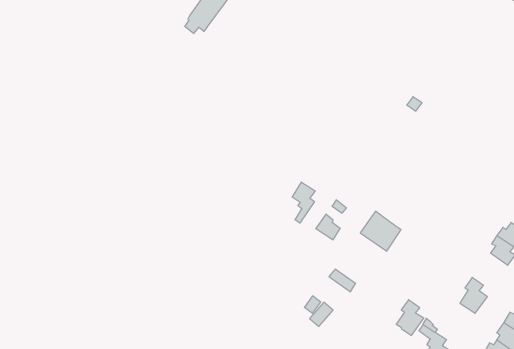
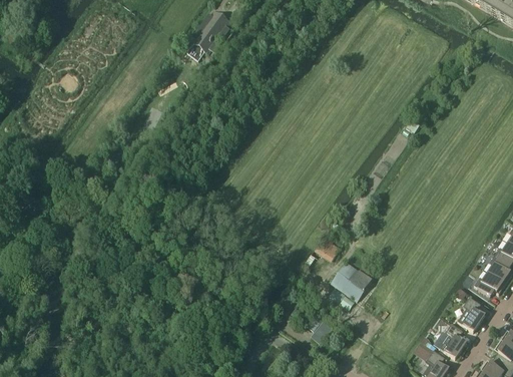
building: [292,182,315,223] -> none
building: [360,211,401,251] -> [332,260,372,299]
building: none -> [474,271,505,295]
building: [396,300,424,335] -> [440,322,467,357]

